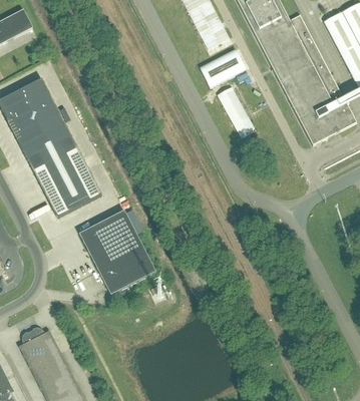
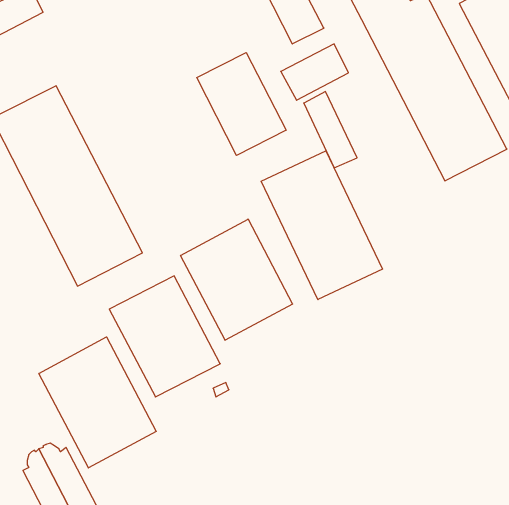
building: none -> [197,53,286,155]
building: none -> [261,151,382,300]
building: none -> [181,219,293,340]
building: none -> [39,337,156,468]

